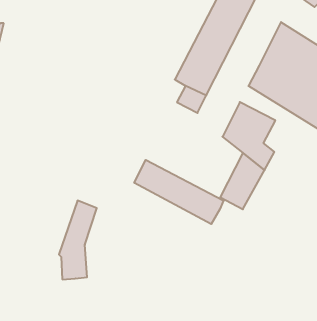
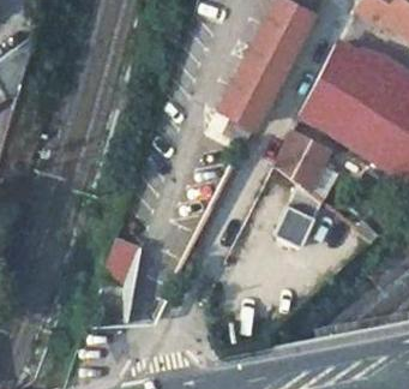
building: [134,160,224,224] -> none

